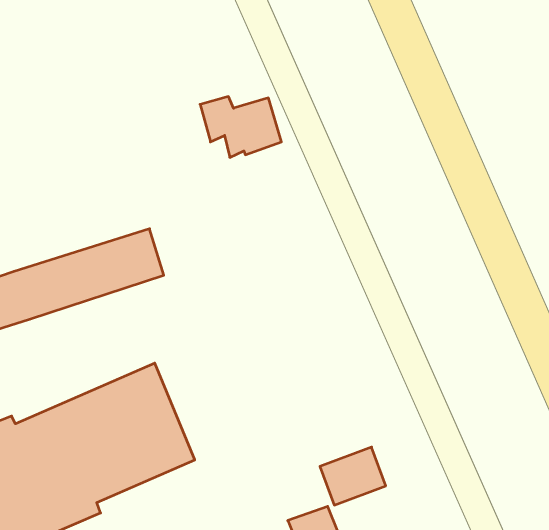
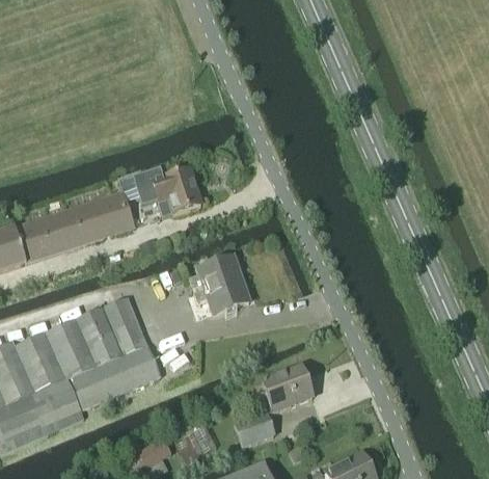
building: [200,97,281,157] -> [136,167,201,216]
building: none -> [189,256,250,315]

